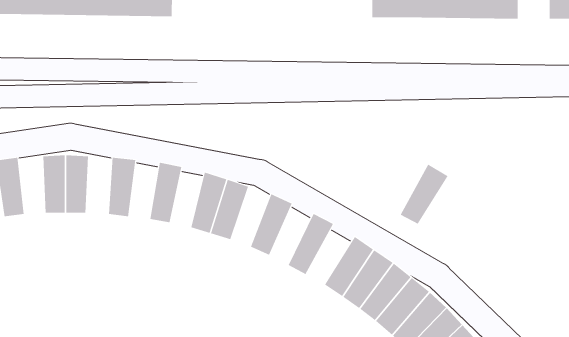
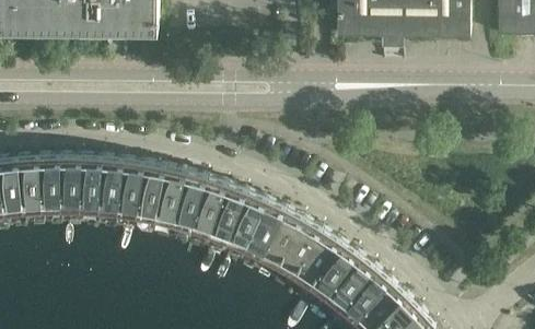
building: none -> [19,161,43,213]
building: none -> [80,161,103,213]
building: none -> [118,164,146,218]
building: [400,164,448,225] -> [278,222,322,277]
building: none -> [155,171,186,225]
building: none -> [210,188,246,243]
building: none -> [245,203,284,259]

